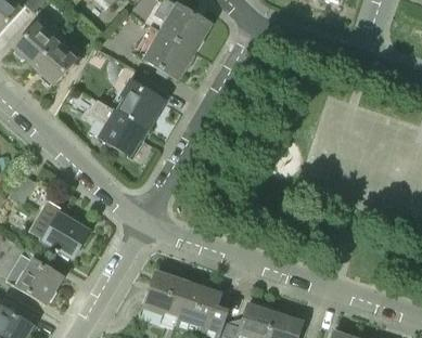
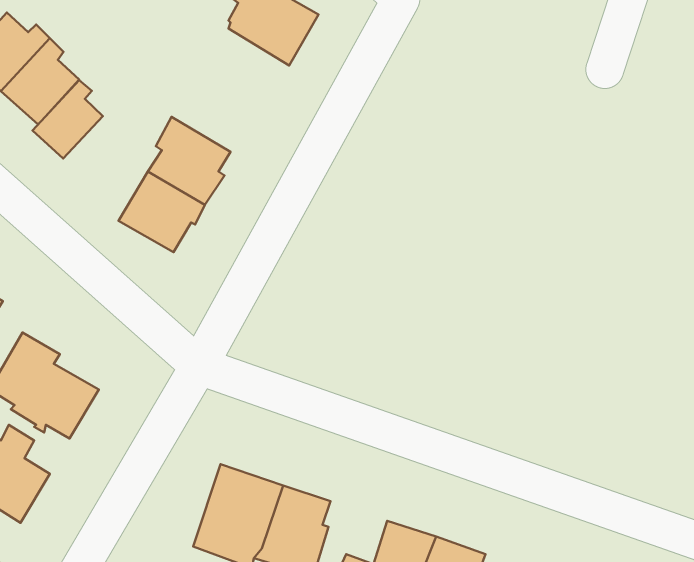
building: [143,30,194,78] -> none
building: none -> [33,80,103,158]

